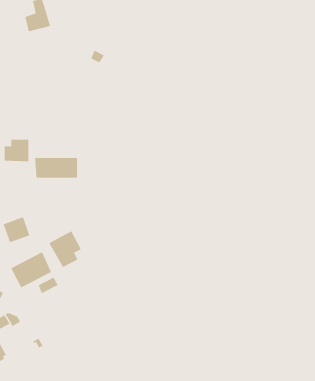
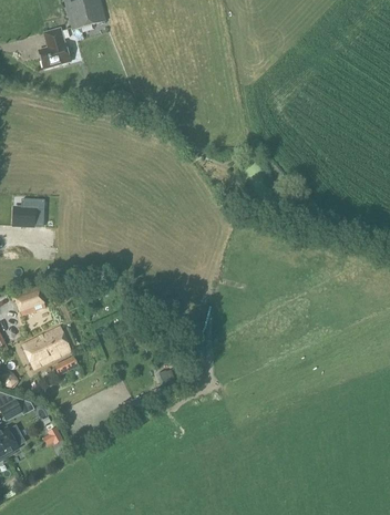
building: [35,157,78,179] -> none
building: [48,231,82,268] -> none

